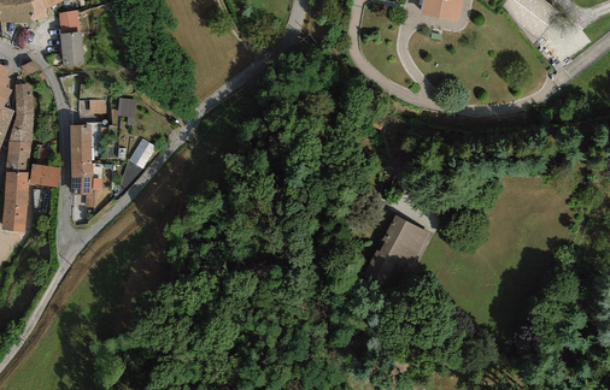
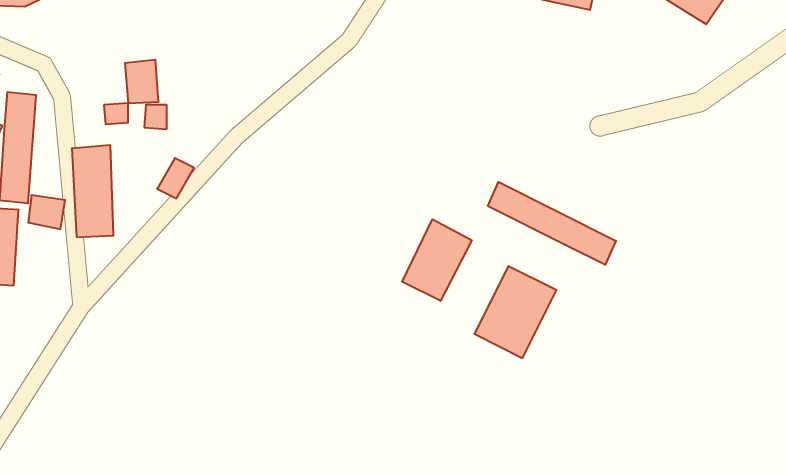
building: [61,28,87,60] -> [125,60,159,103]
building: none -> [488,182,616,265]
building: none -> [402,219,472,301]

